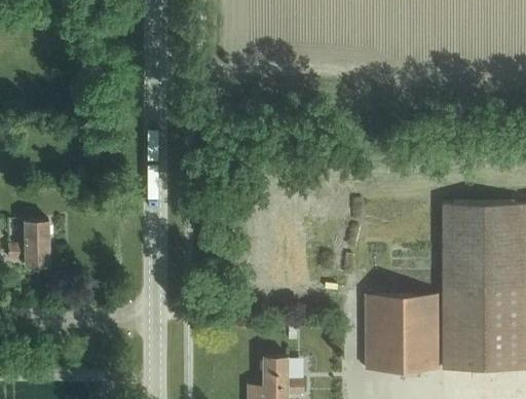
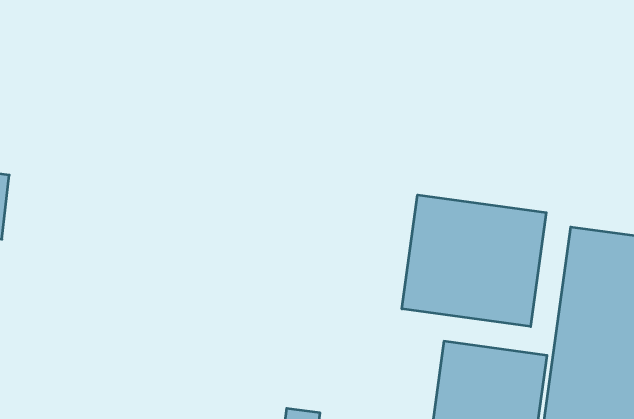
building: none -> [402,195,546,327]

